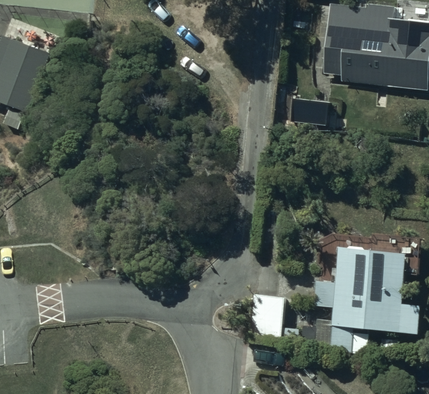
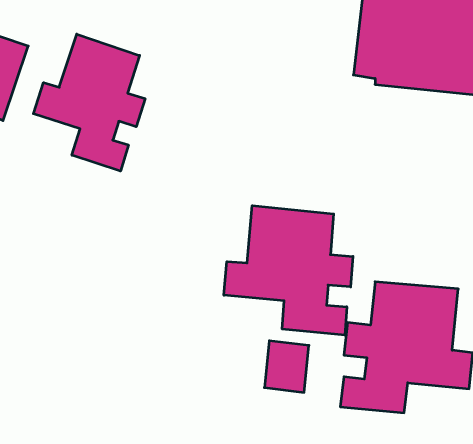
building: none -> [33,34,145,171]
building: none -> [224,206,353,335]

